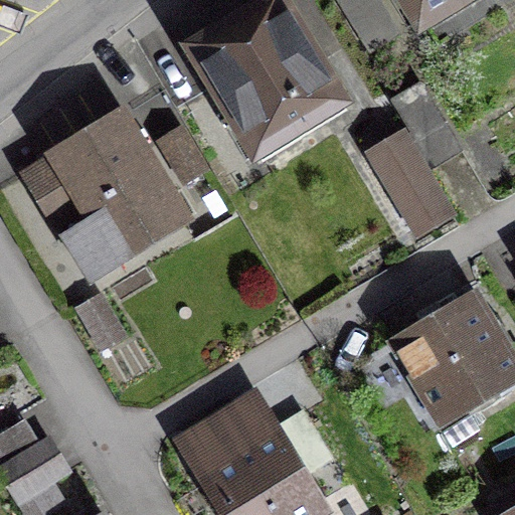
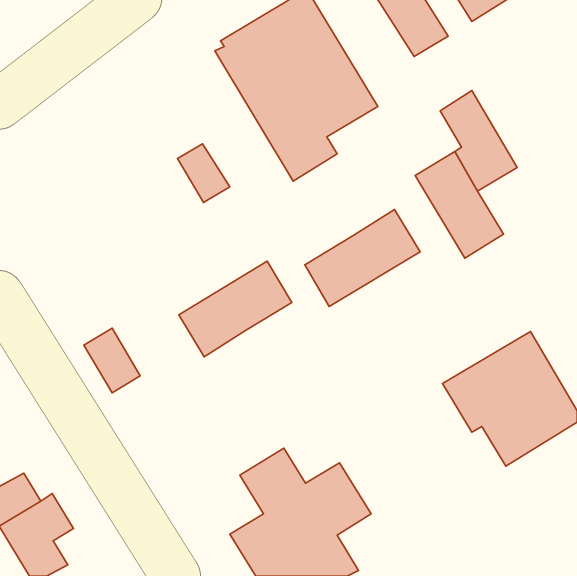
building: [21,114,183,276] -> none
building: none -> [305,209,420,306]
building: none -> [179,261,292,357]

